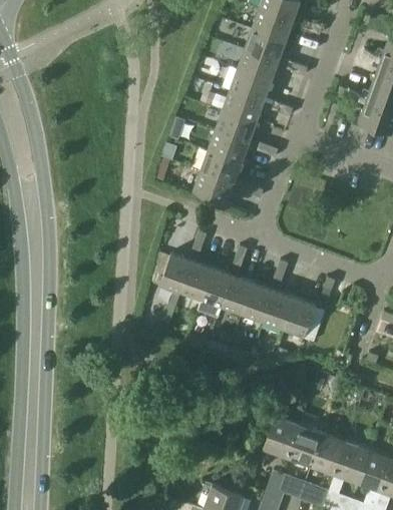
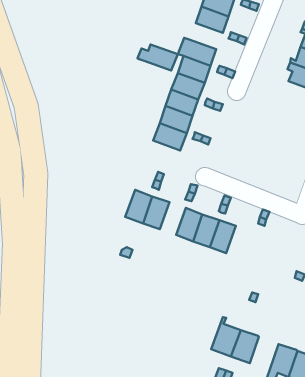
building: [230,50,279,82] -> [138,44,178,71]
building: [198,269,234,319] -> none
building: [283,298,316,339] -> none
building: [312,433,347,474] -> none

